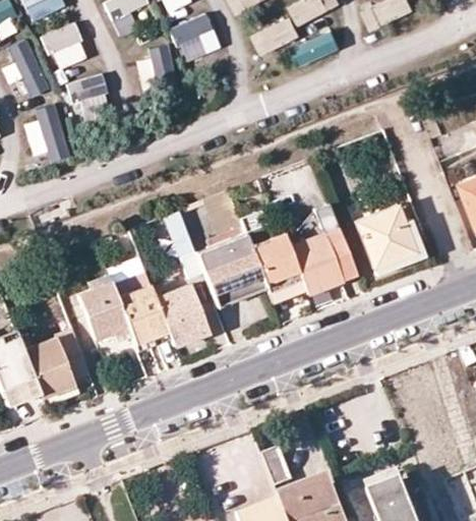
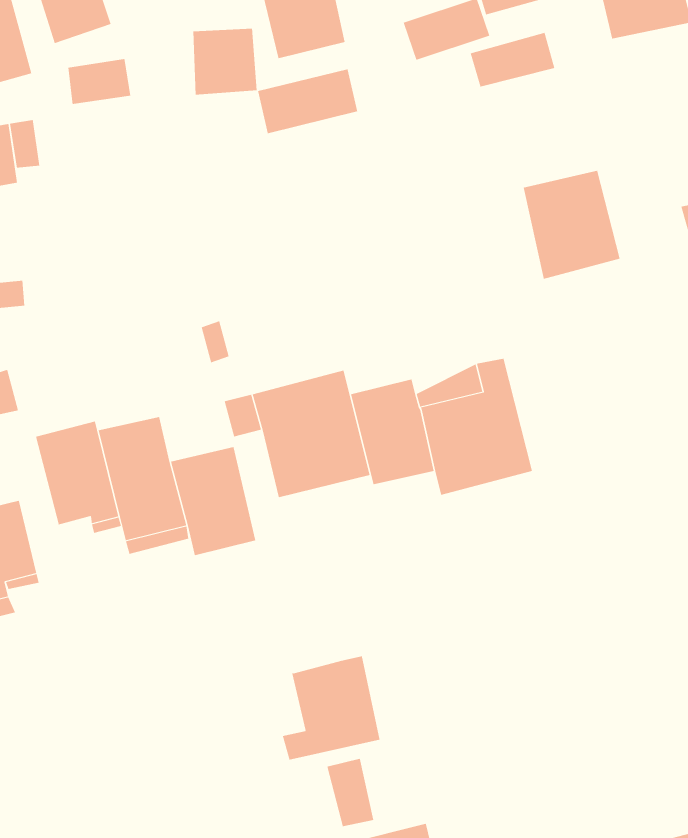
building: none -> [257,68,358,134]
building: [353,204,413,269] -> [523,170,621,280]
building: none -> [282,655,380,760]

